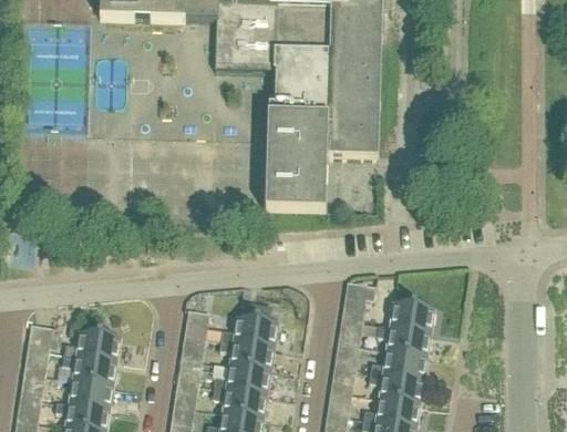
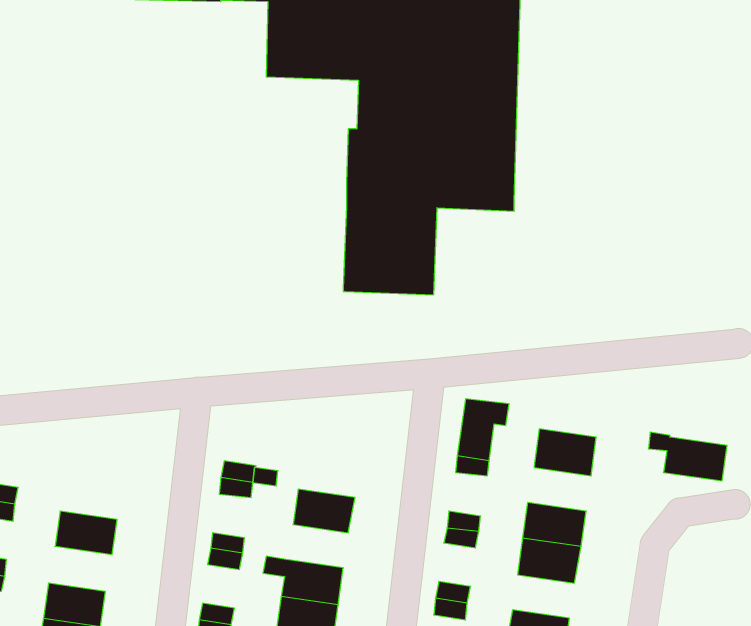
building: [235,311,276,342] -> none
building: [377,319,429,351] -> [648,432,727,481]
building: [62,326,118,357] -> none
building: [227,360,268,389] -> none
building: [70,374,112,404] -> none
building: [377,393,417,422] -> none

